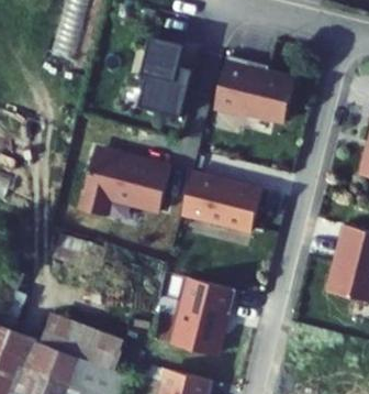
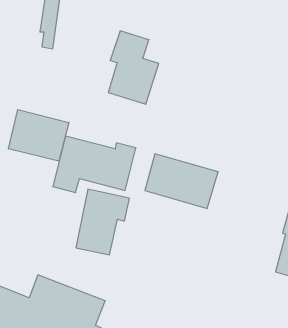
building: [213,65,294,130] -> none
building: none -> [8,110,69,161]
building: [181,282,241,354] -> [76,189,129,255]

